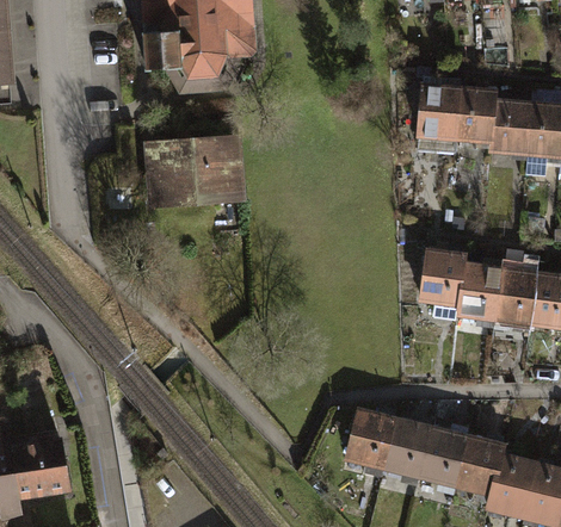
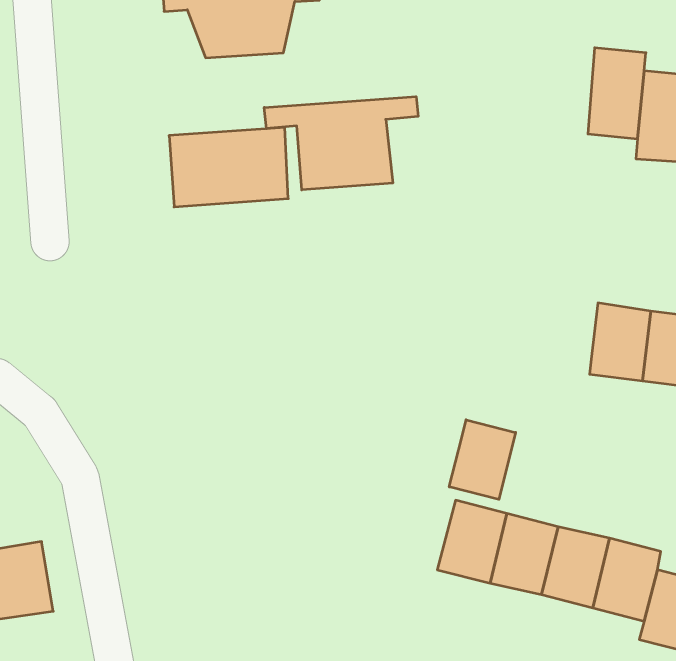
building: [418,78,460,143] -> none
building: none -> [264,97,418,190]
building: [423,247,464,305] -> none
building: none -> [449,420,516,499]

